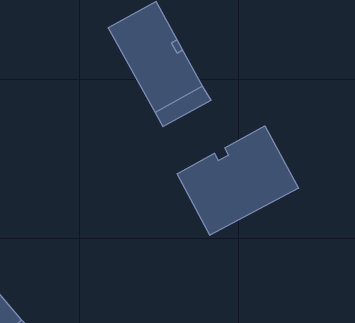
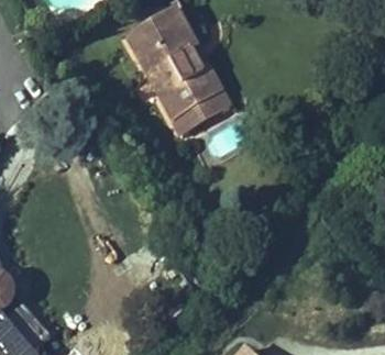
building: [177,126,299,235] -> none

